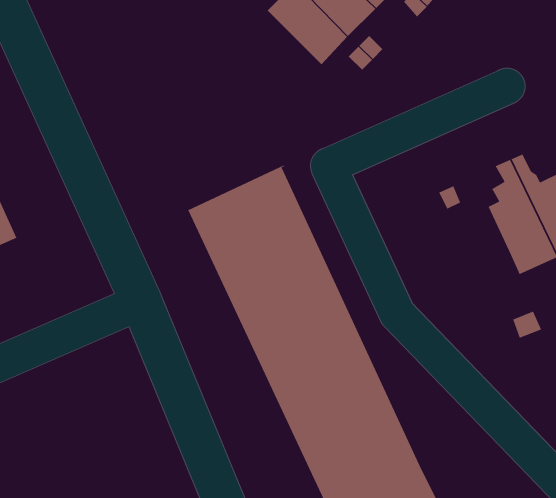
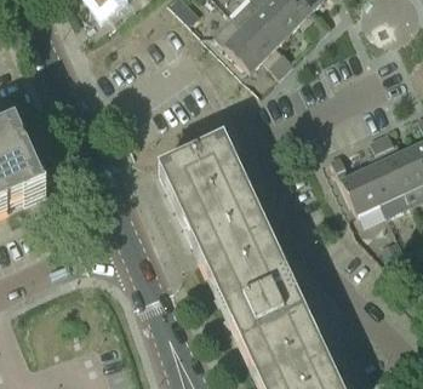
building: none -> [341,170,381,214]

